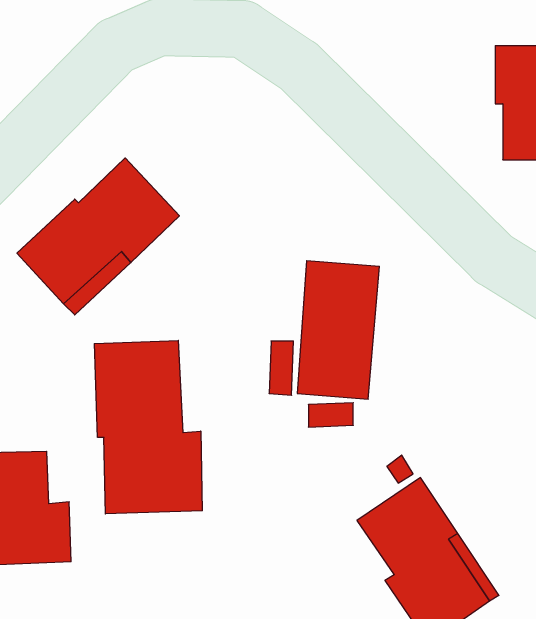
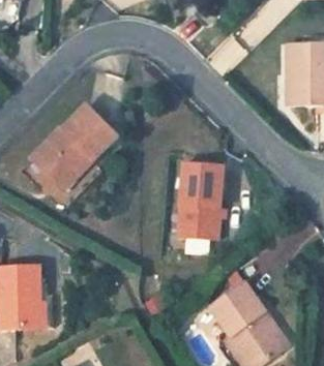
building: [94,340,202,514] -> none

